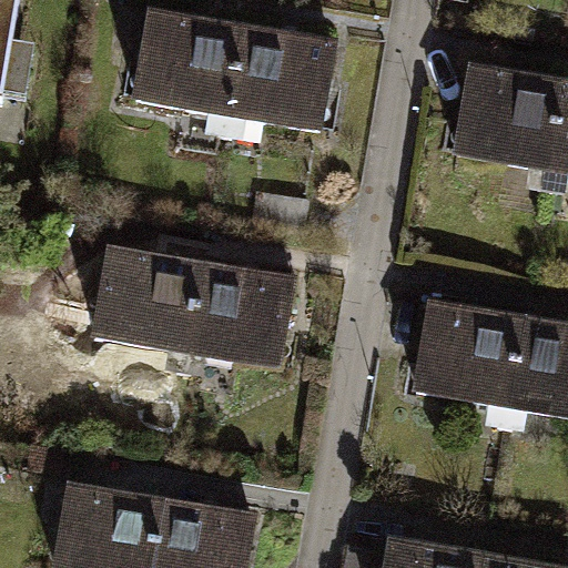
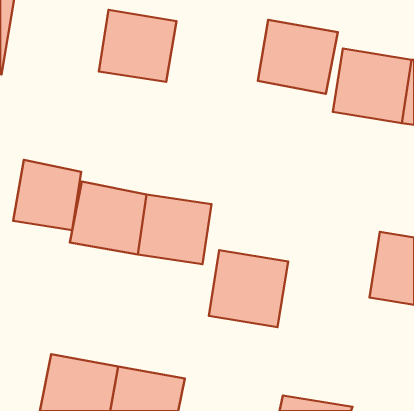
building: [227,29,337,130] -> [258,20,338,94]
building: none -> [13,160,81,230]
building: [412,302,520,407] -> [209,250,288,327]

